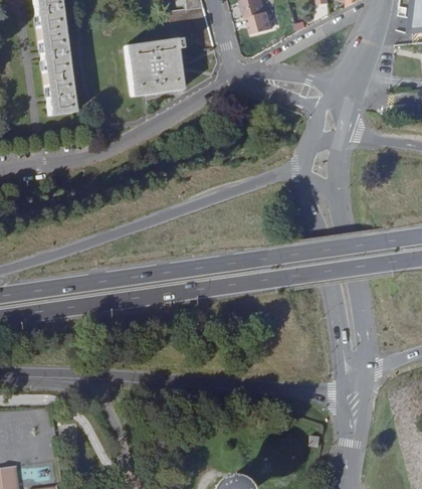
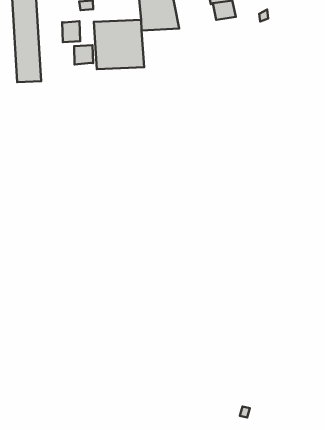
building: none -> [62,21,80,42]
building: none -> [74,45,93,64]

